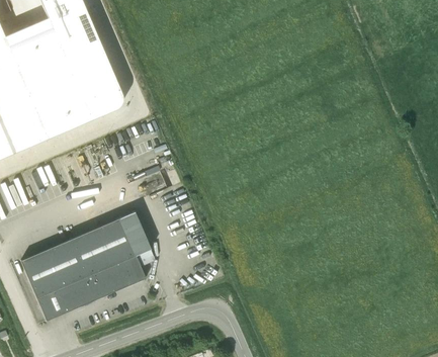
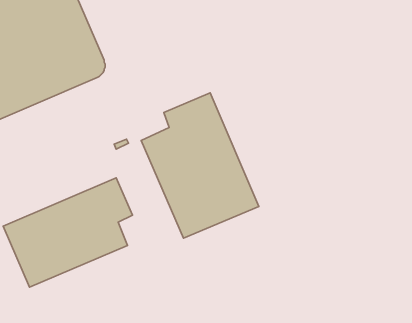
building: none -> [141,93,259,238]

